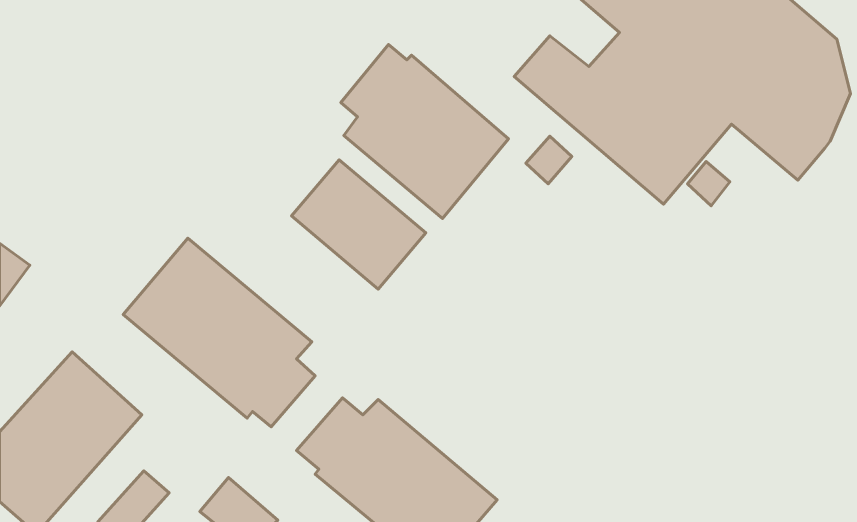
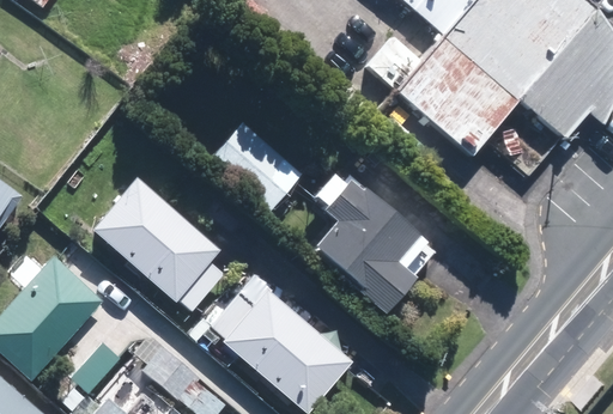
building: [341,44,509,219] -> none
building: none -> [314,173,436,315]

